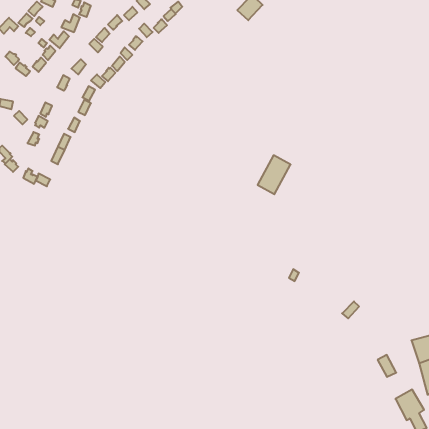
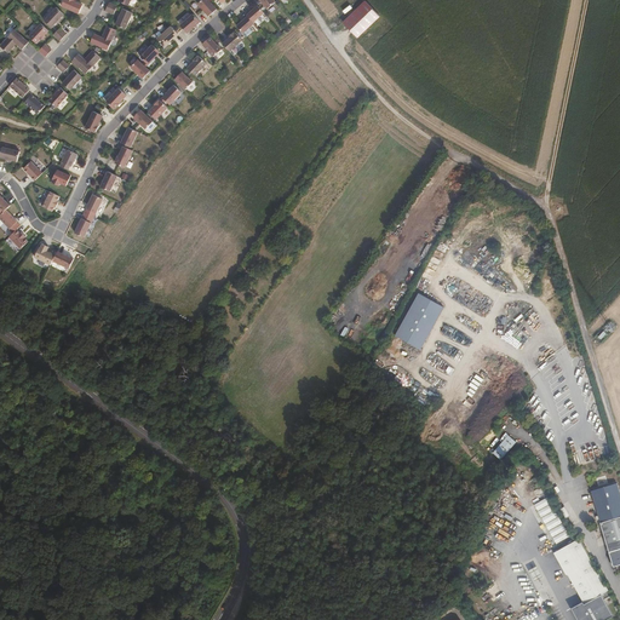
building: [258,155,291,194] -> [394,292,441,348]
building: none -> [552,536,591,574]

